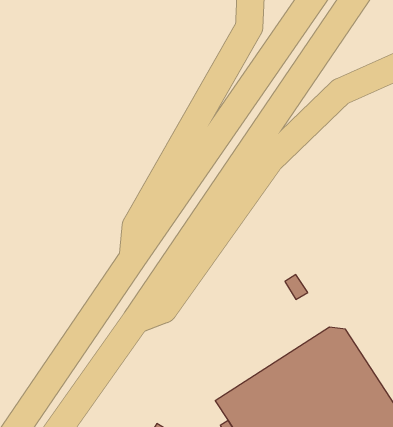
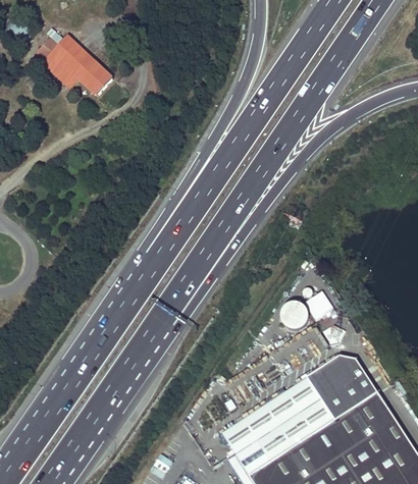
building: none -> [36,38,114,97]

